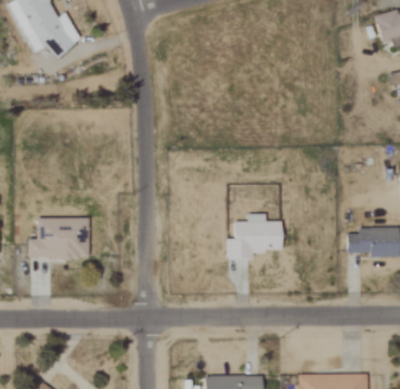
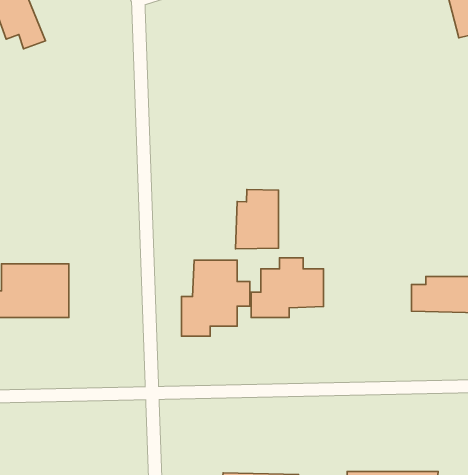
building: none -> [236,190,278,249]
building: none -> [182,260,250,336]

